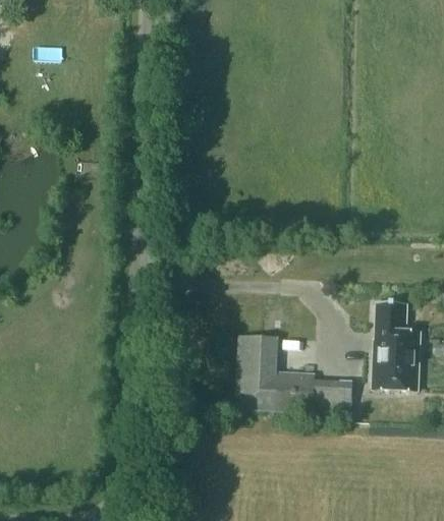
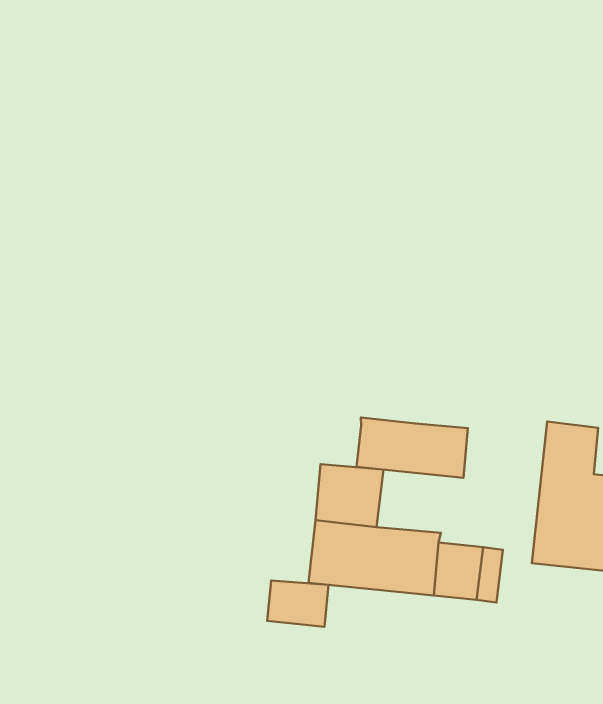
building: none -> [356,417,468,478]
building: none -> [267,580,329,627]

